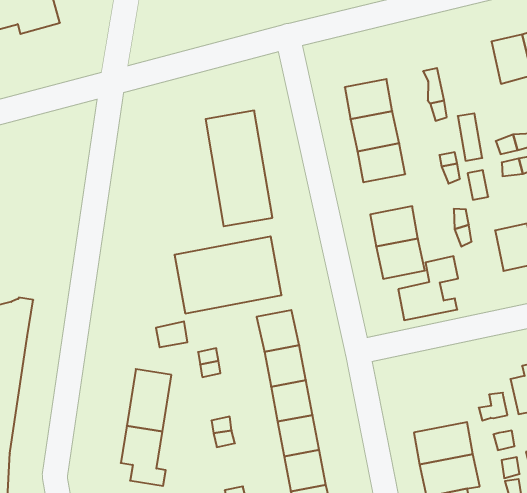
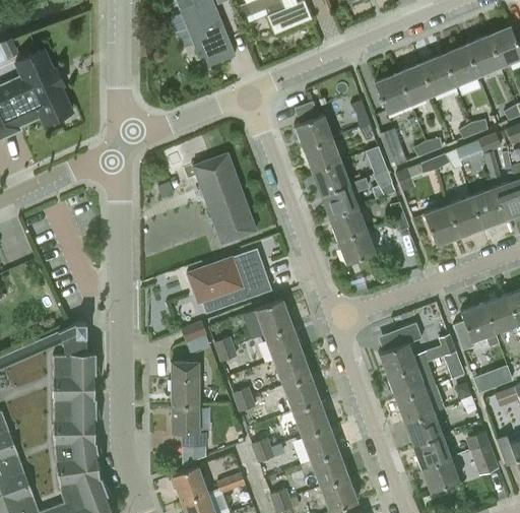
building: none -> [376,74,411,114]
building: none -> [320,184,360,218]
building: [398,256,458,320] -> [380,323,427,377]

